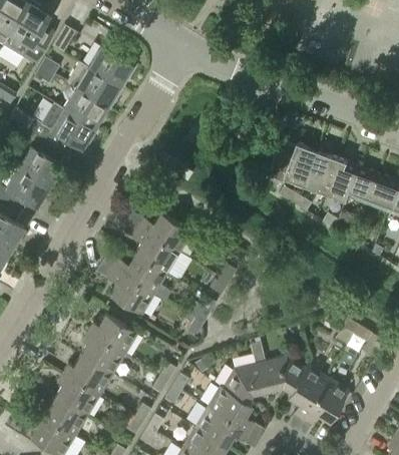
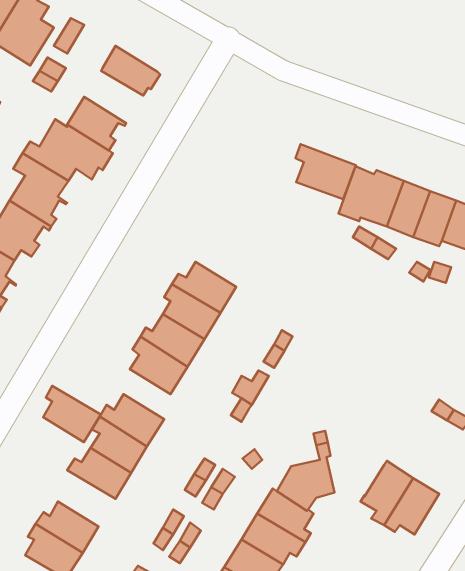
building: [67,60,121,107] -> none
building: none -> [296,144,356,199]
building: [261,357,305,393] -> none
building: [55,373,99,416] -> [43,386,101,442]

